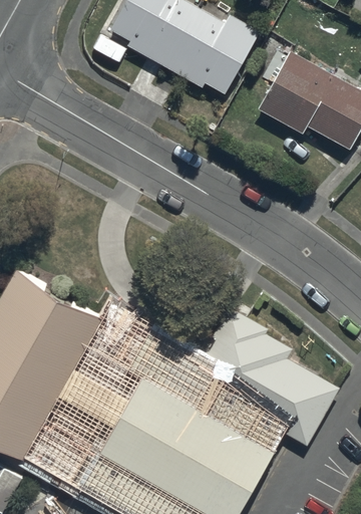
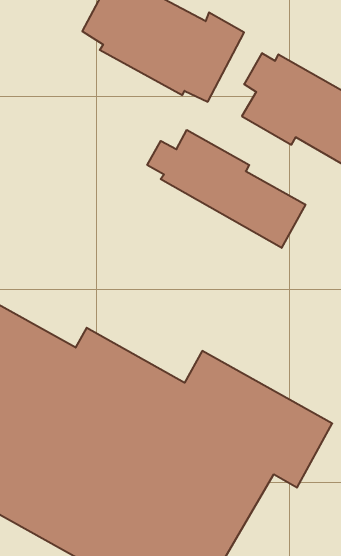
building: none -> [147,130,305,248]

